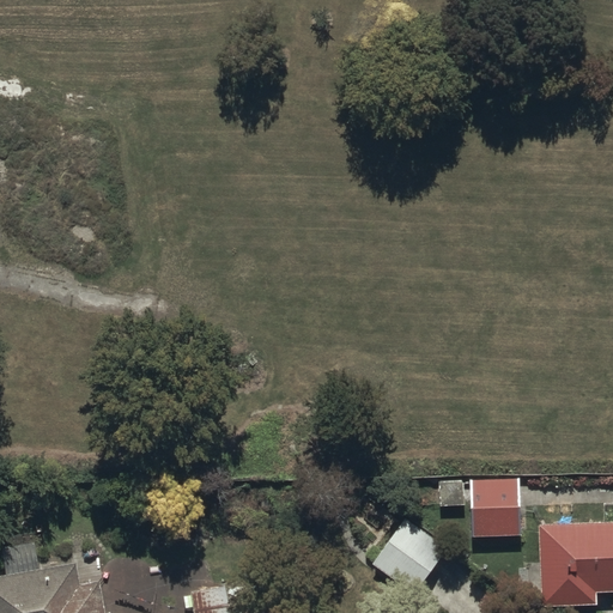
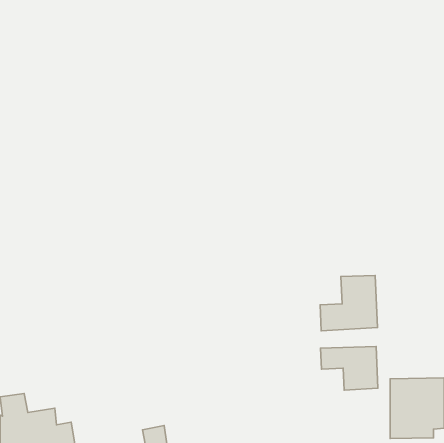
building: none -> [320,276,377,331]
building: [371,518,447,595] -> none

